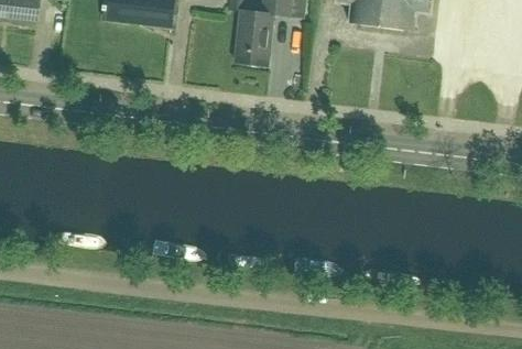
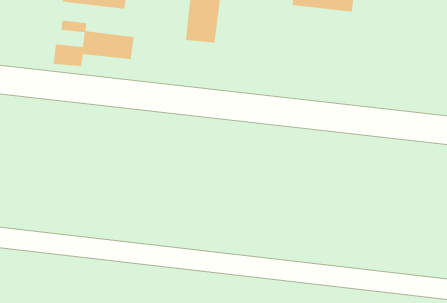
building: none -> [53,20,134,67]

